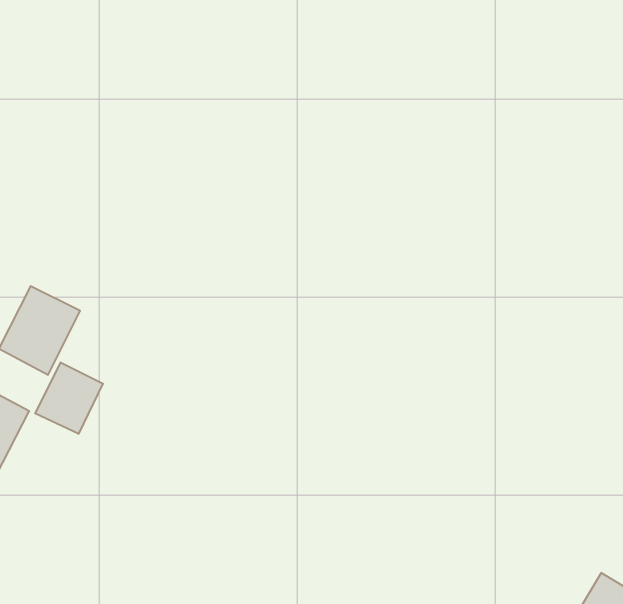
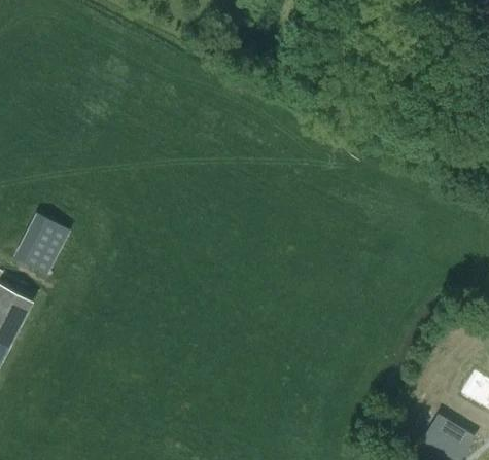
building: [35,362,103,434] -> none

